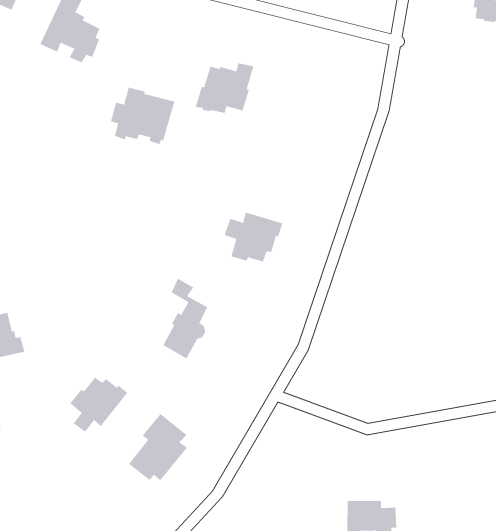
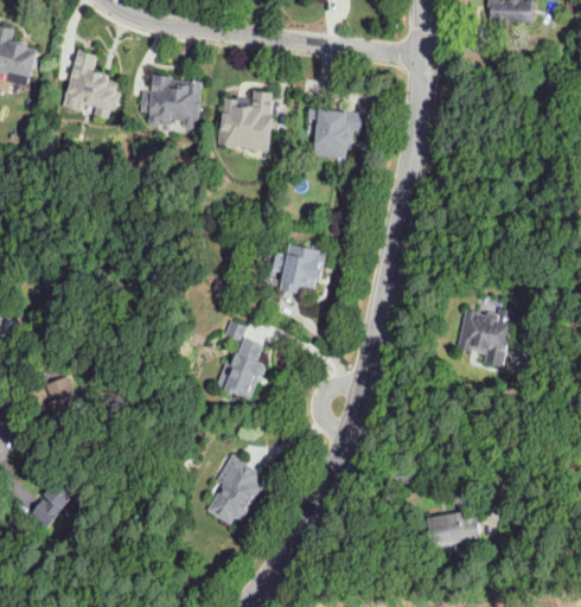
building: none -> [307,108,363,158]
building: [110,87,175,145] -> [140,74,202,127]
building: none -> [455,307,513,368]
building: [69,377,128,433] -> none

